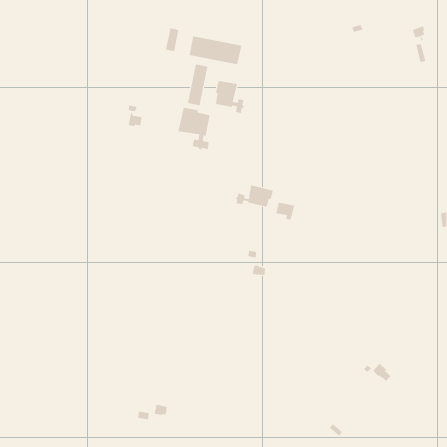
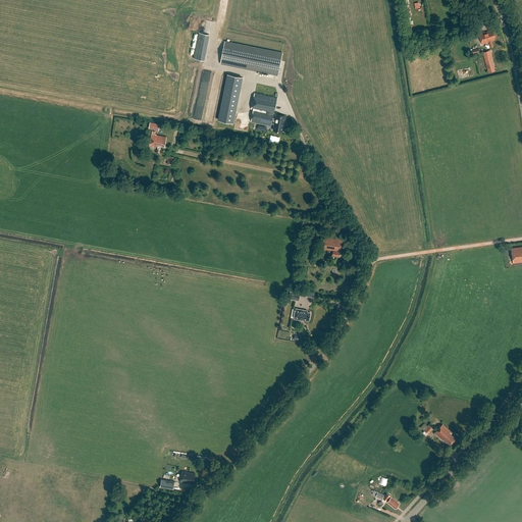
building: [178,107,210,151] -> none
building: [235,184,273,208] -> none

